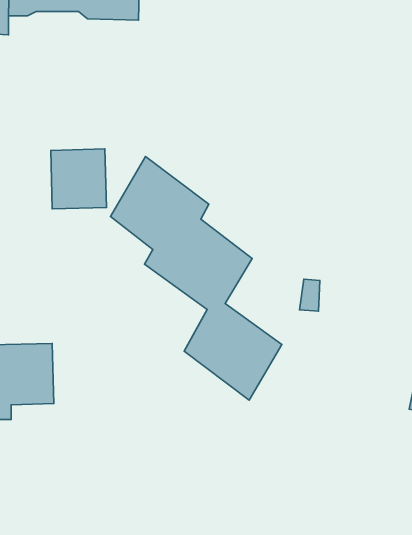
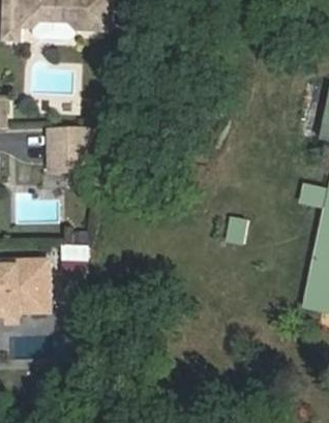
building: [110,157,282,400] -> none

